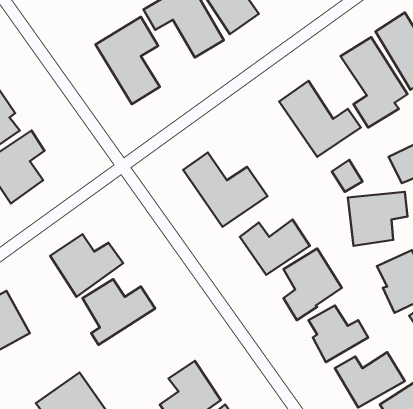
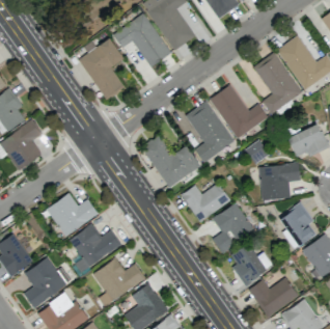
building: none -> [186,101,235,163]
building: none -> [24,257,67,308]
building: none -> [92,258,146,306]

